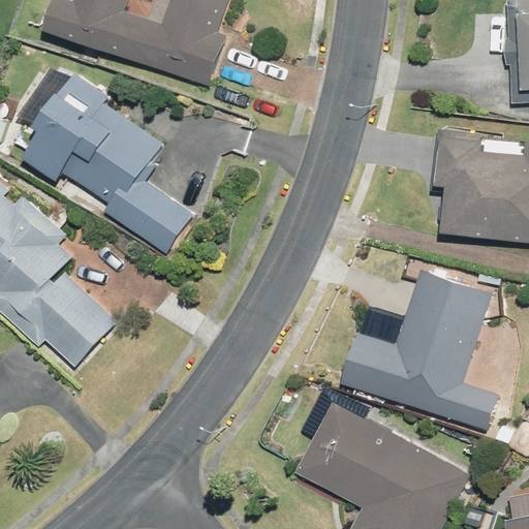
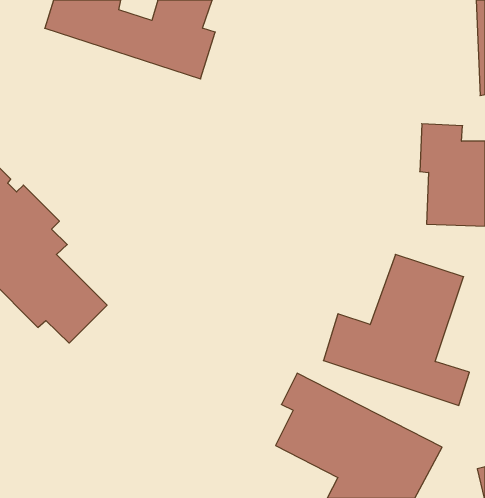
building: [21,70,192,254] -> none

